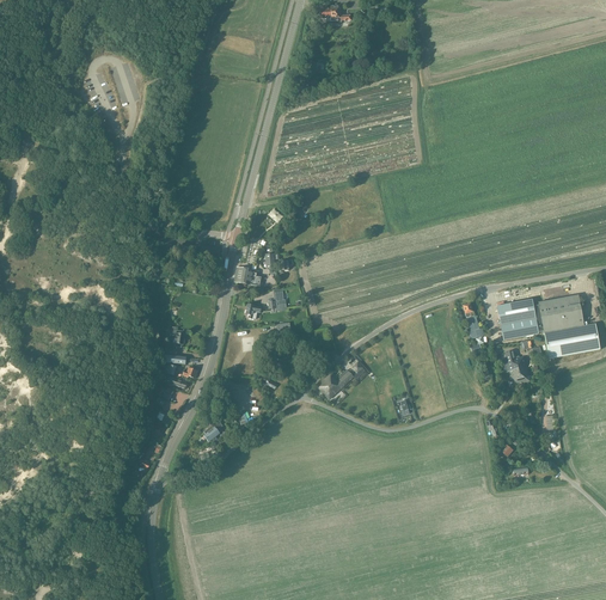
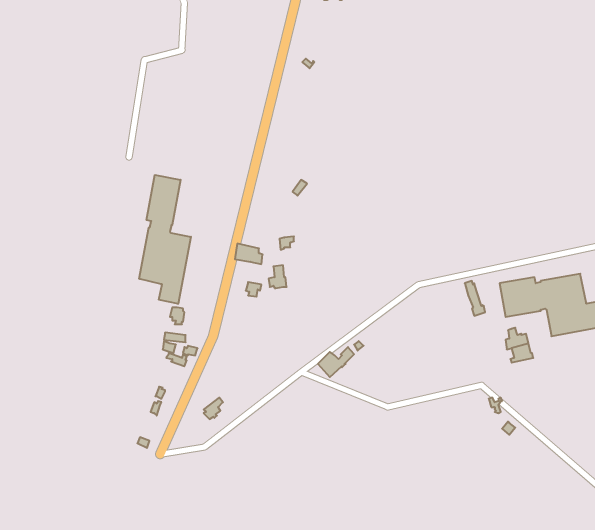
building: none -> [139,175,191,304]

